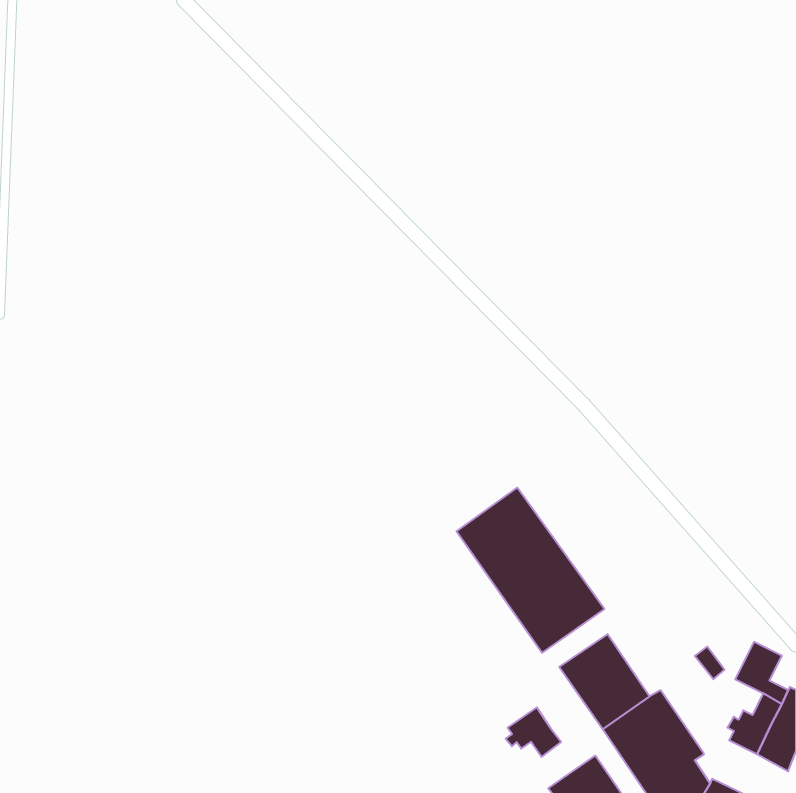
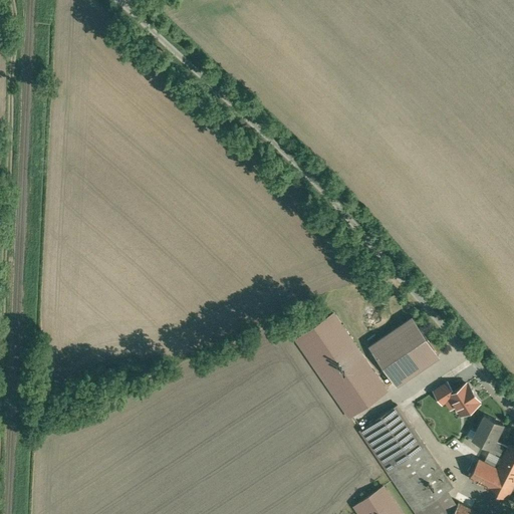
building: none -> [362,314,436,387]
building: none -> [436,381,486,418]
building: [506,707,561,757] -> none

